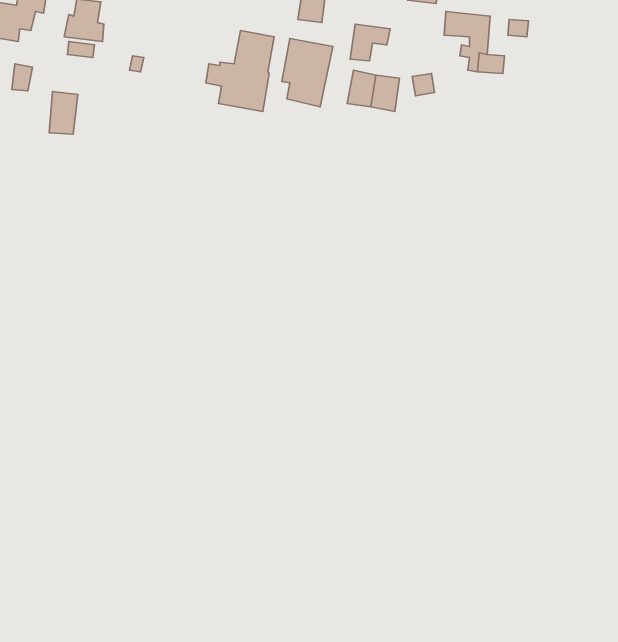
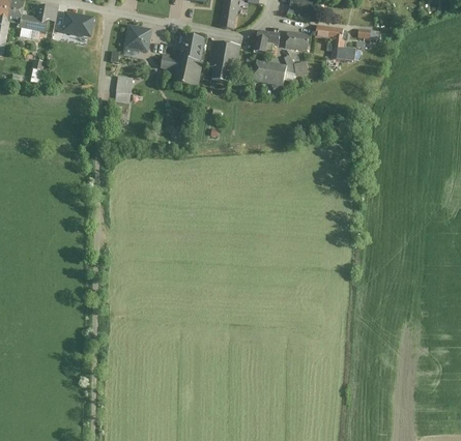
building: none -> [124,24,152,51]
building: none -> [285,31,311,50]
building: [49,91,78,134] -> [114,74,133,101]

